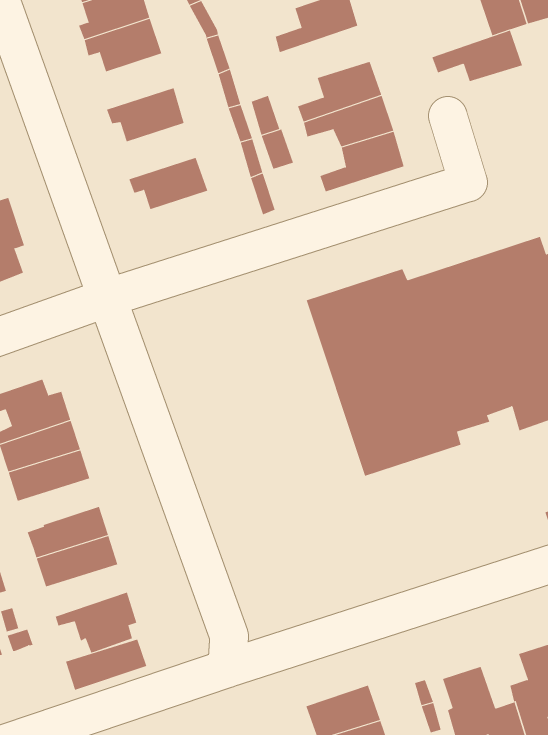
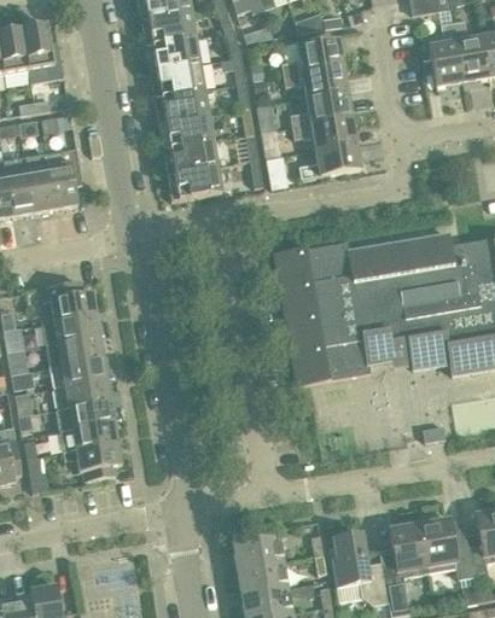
building: [432,30,523,82] -> [283,64,346,97]
building: none -> [152,63,204,97]
building: none -> [161,115,212,148]
building: none -> [169,165,222,200]
building: none -> [48,357,106,387]
building: [65,639,147,691] -> [59,421,117,451]

